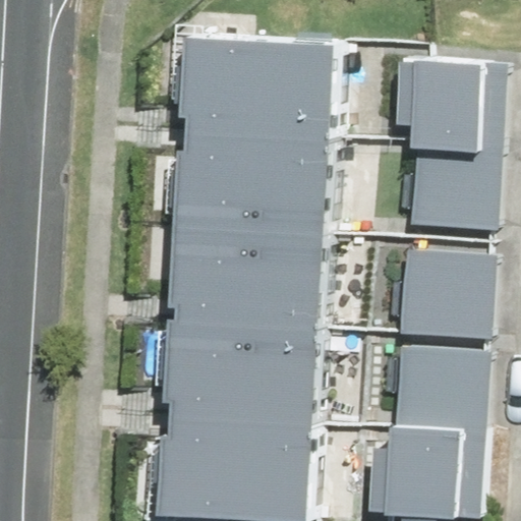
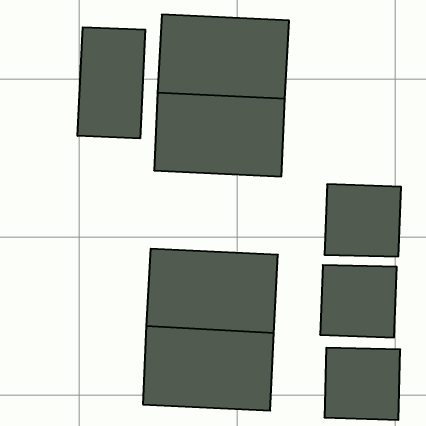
building: none -> [78,27,145,138]
building: [390,60,486,210] -> none
building: [178,218,333,317] -> none

